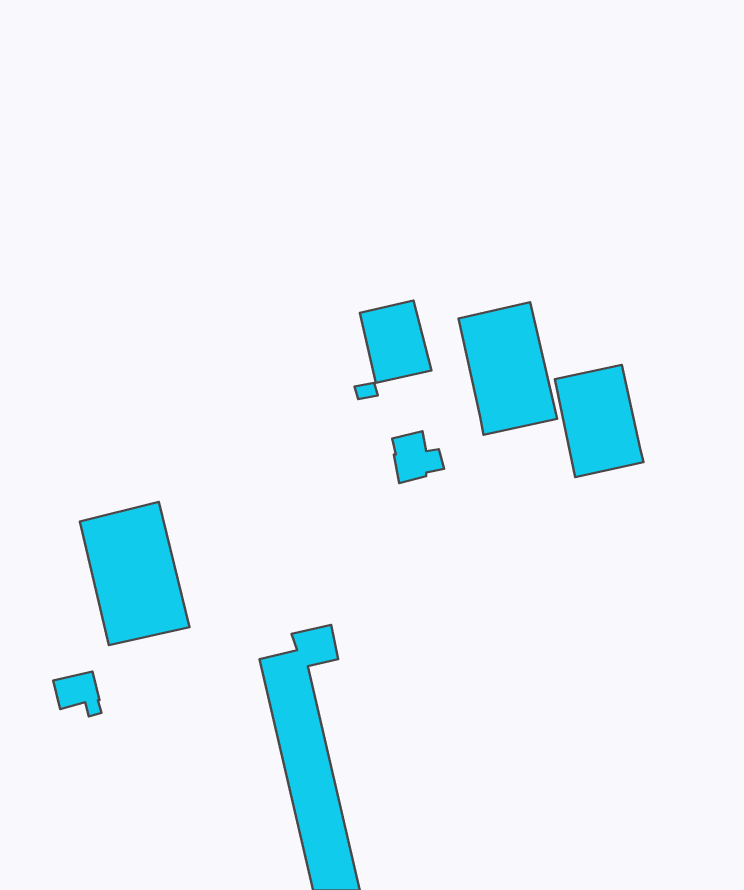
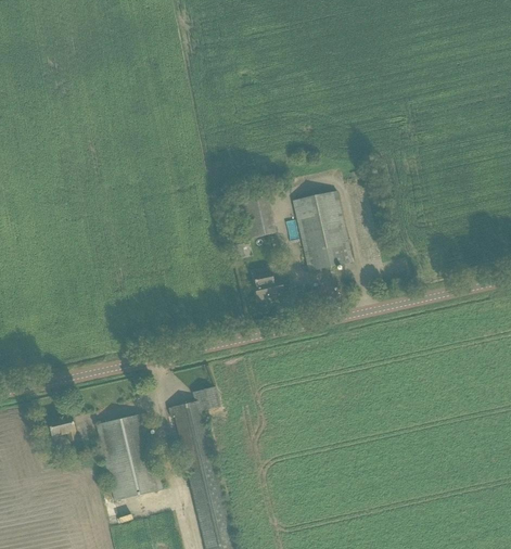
building: [555,365,644,477] -> none
building: [80,502,189,645] -> [95,413,162,500]

